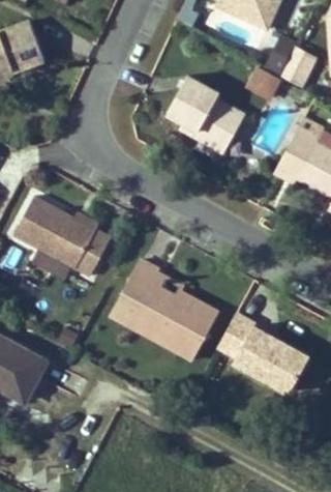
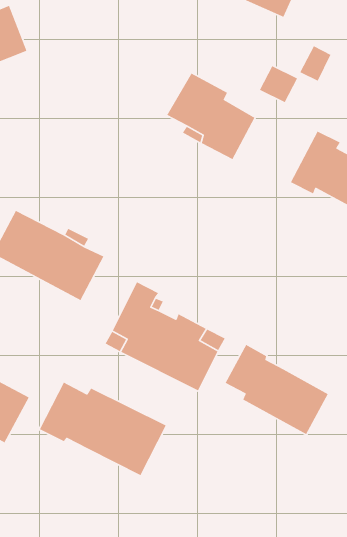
building: none -> [39,382,167,476]

